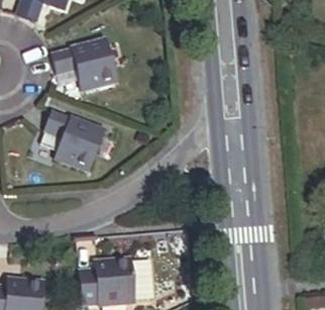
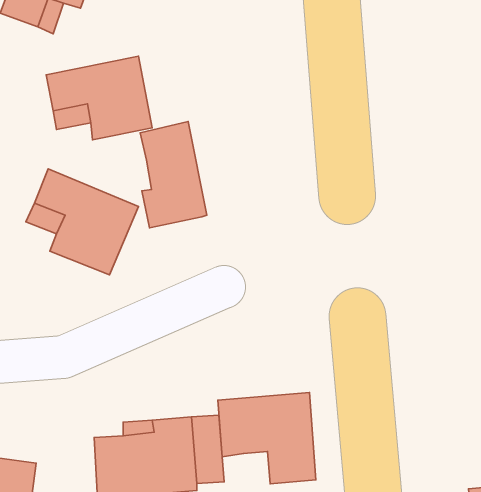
building: none -> [140,122,207,228]
building: none -> [218,392,316,484]

